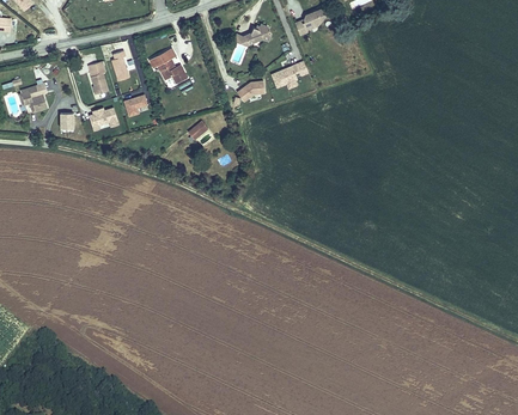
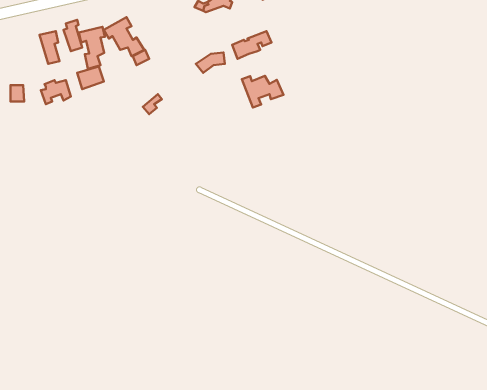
building: none -> [79,27,105,69]
building: none -> [242,76,283,107]

